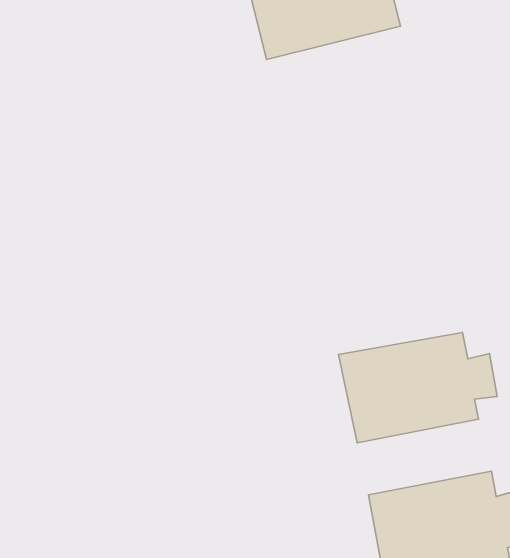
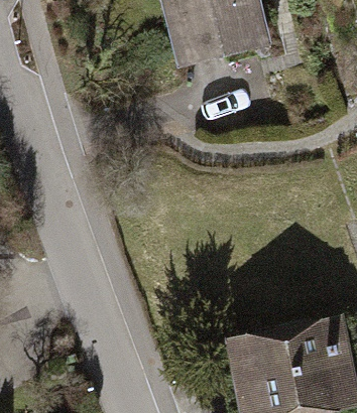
building: [339,333,497,443] -> none

